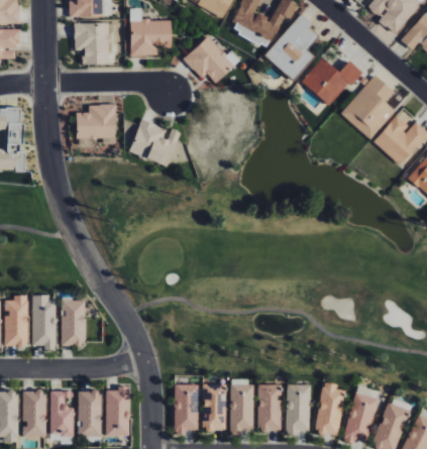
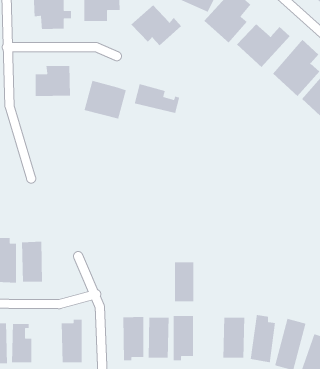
building: none -> [134,83,180,114]
building: [258,384,281,430] -> [174,261,194,302]
building: [78,390,101,437] -> none

